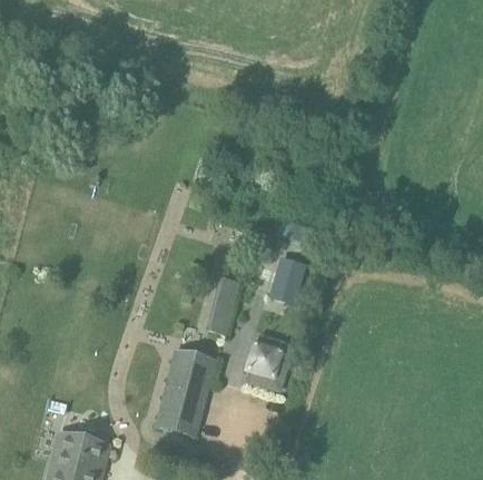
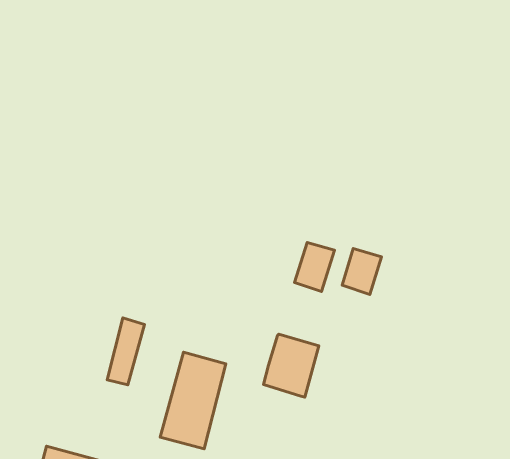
building: none -> [342,248,382,294]
building: [206,276,238,334] -> [107,318,145,385]

